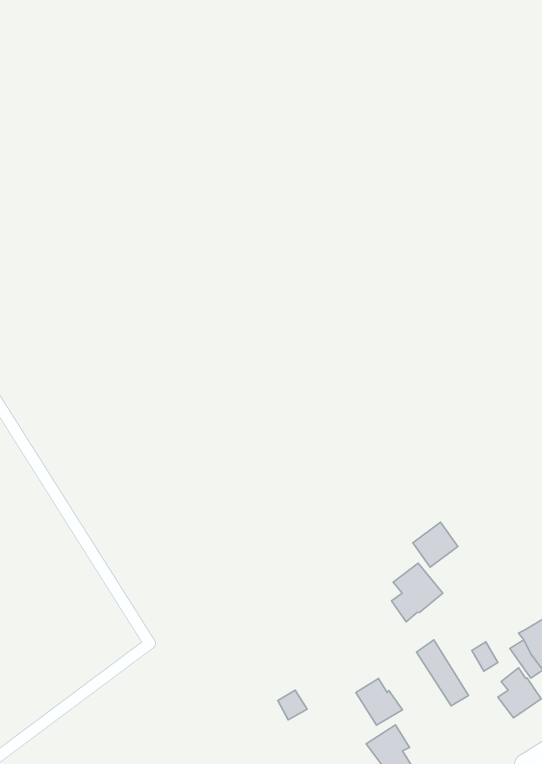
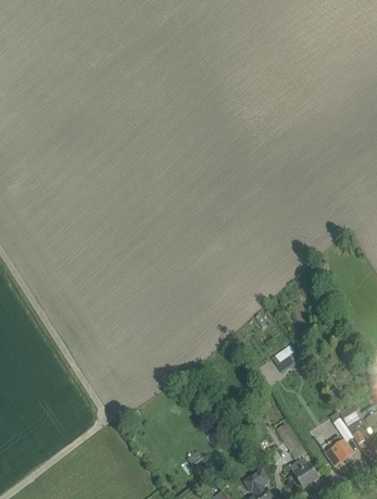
building: [391,563,443,622] -> none
building: [356,679,403,725] -> [289,457,318,486]

